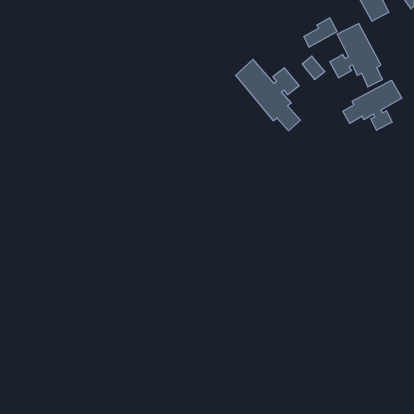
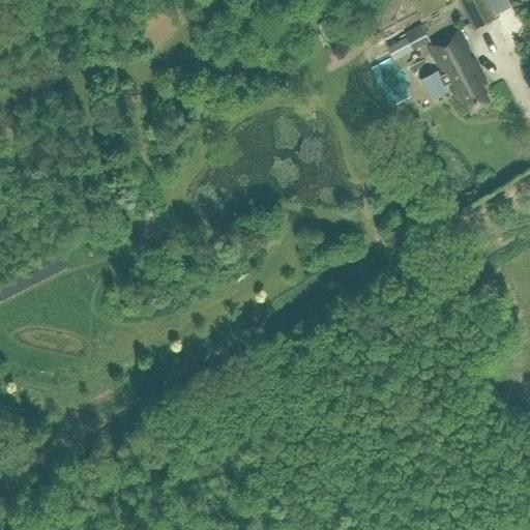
building: [236,59,300,131] -> none
building: [343,80,402,130] -> none

